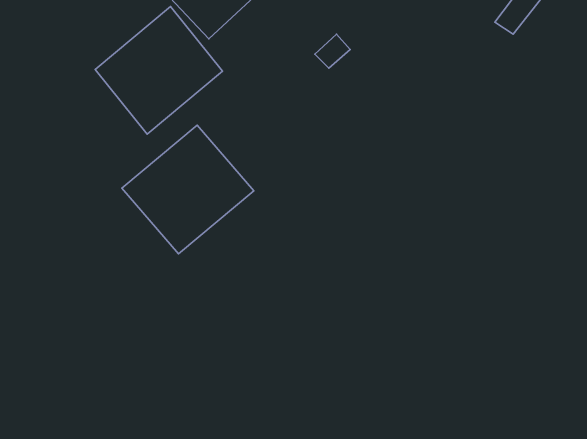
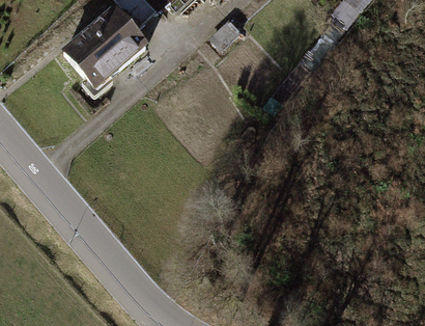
building: [122,125,254,254] -> none

